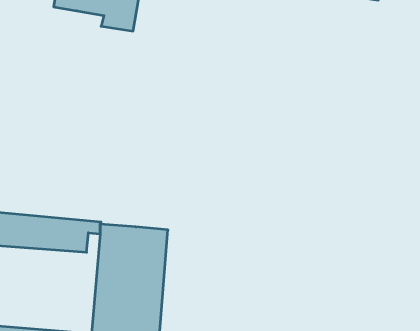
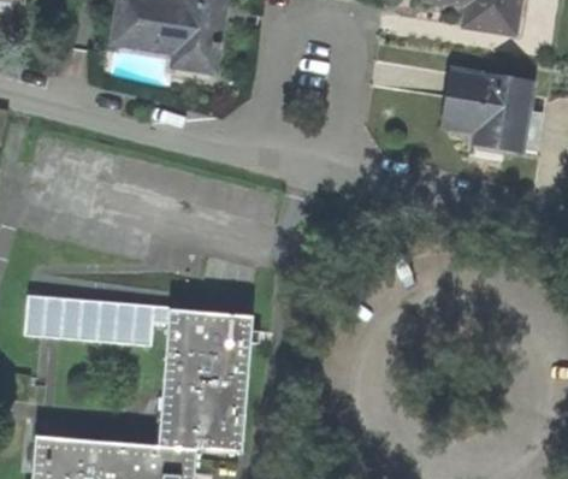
building: none -> [445,70,543,150]

